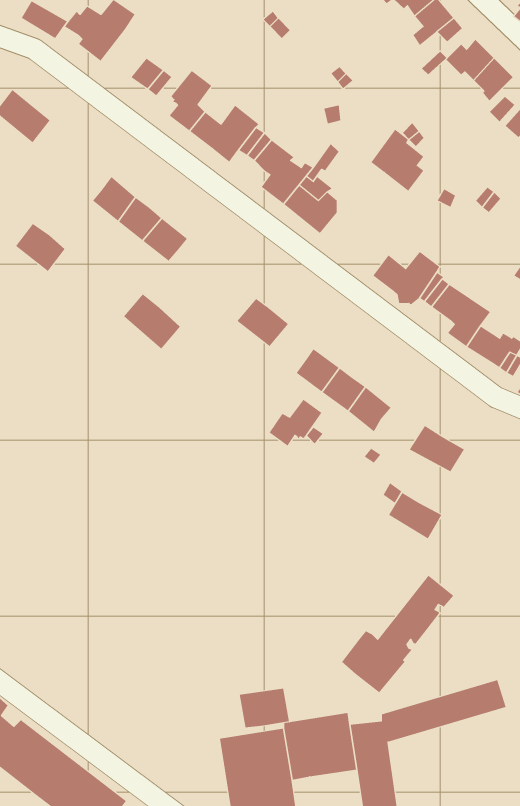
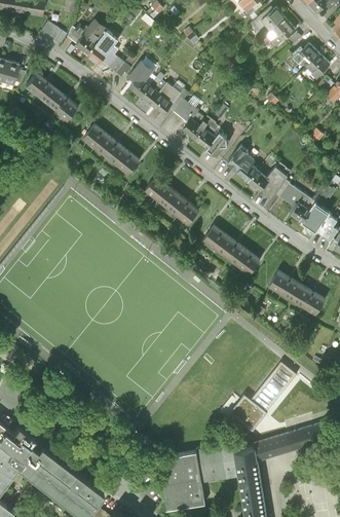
building: none -> [88,38,115,66]
building: [370,129,424,192] -> [226,146,258,183]
building: [15,223,66,272] -> [48,91,78,120]
building: [123,294,181,349] -> [146,177,180,210]
building: [269,399,322,446] -> none
building: [388,492,442,539] -> [295,286,327,313]
building: [239,688,289,728] -> none

